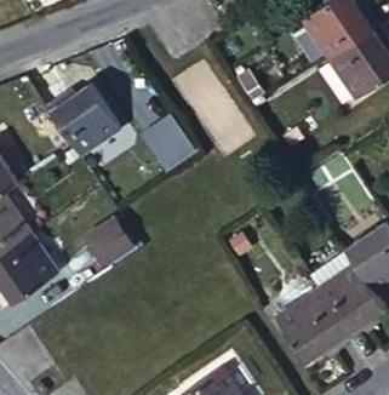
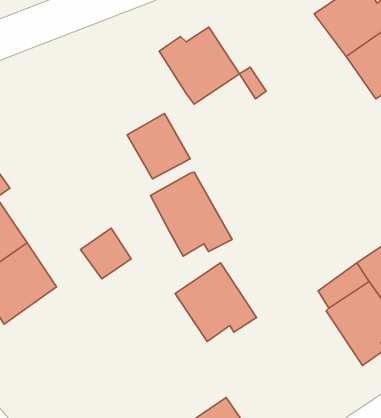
building: [57,84,130,154] -> [159,27,239,104]
building: none -> [151,172,232,256]
building: [273,293,347,365] -> [175,263,257,342]

